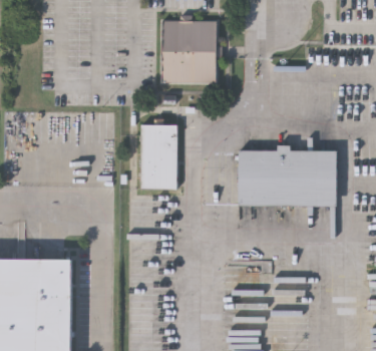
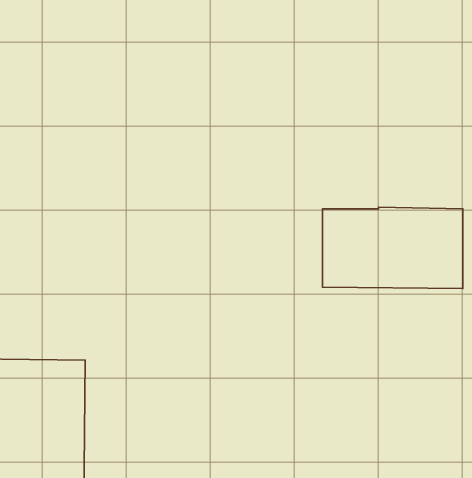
building: [160,20,218,82] -> none
building: [138,124,177,190] -> none

